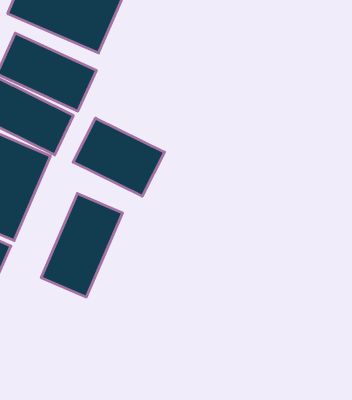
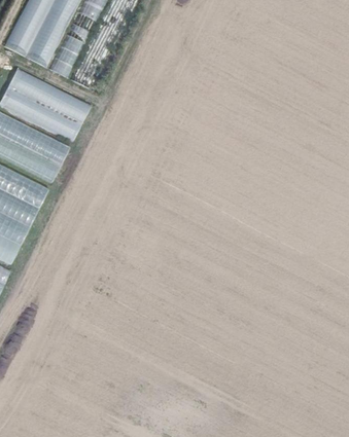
building: [73,118,165,196] -> none
building: [41,193,122,297] -> none

